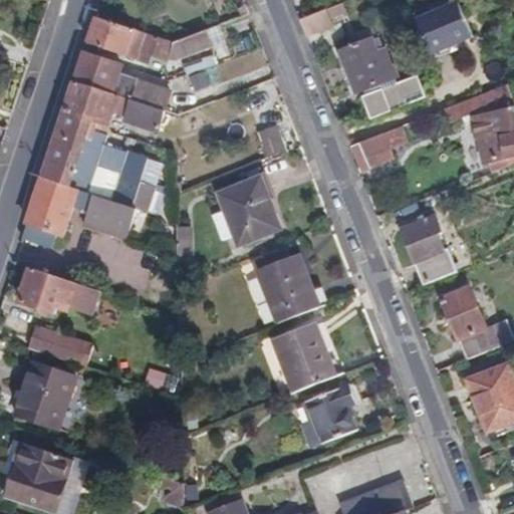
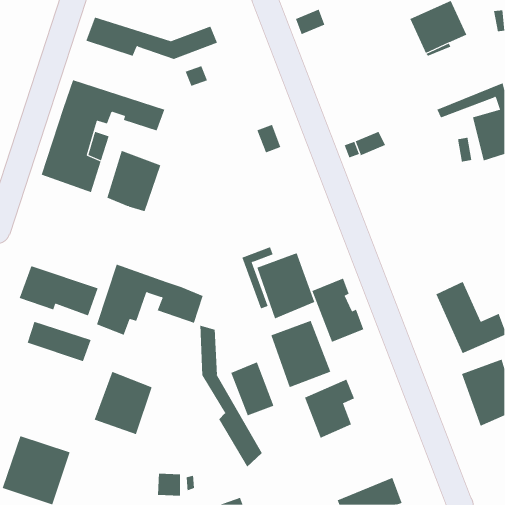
building: [338,39,425,117] -> none
building: [73,51,174,110] -> none
building: [220,176,282,242] -> none
building: [21,177,130,249] -> [96,264,204,336]
building: [402,217,455,282] -> [312,278,364,343]
building: none -> [200,325,262,468]
building: [14,361,73,426] -> [94,371,153,435]
building: none -> [230,362,274,416]

